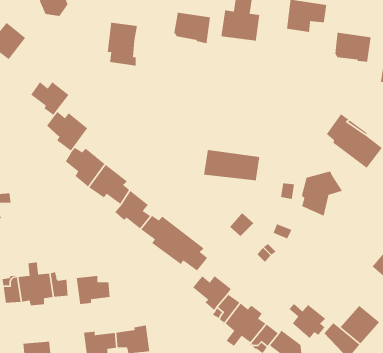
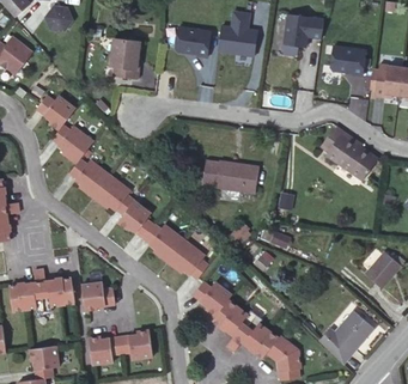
building: [301,170,343,217] -> none
building: [289,303,326,339] -> none

